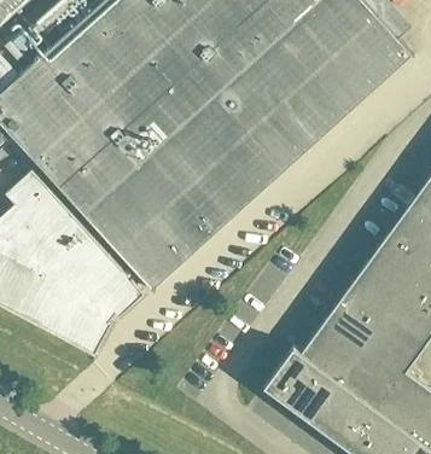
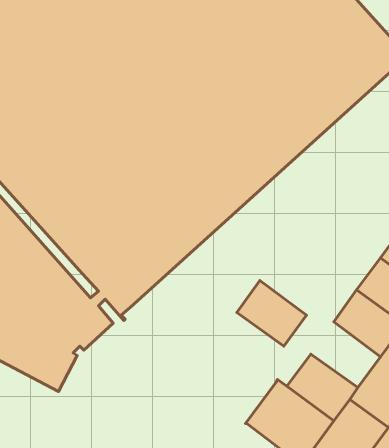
building: [324,295,386,354] -> [237,280,306,346]

